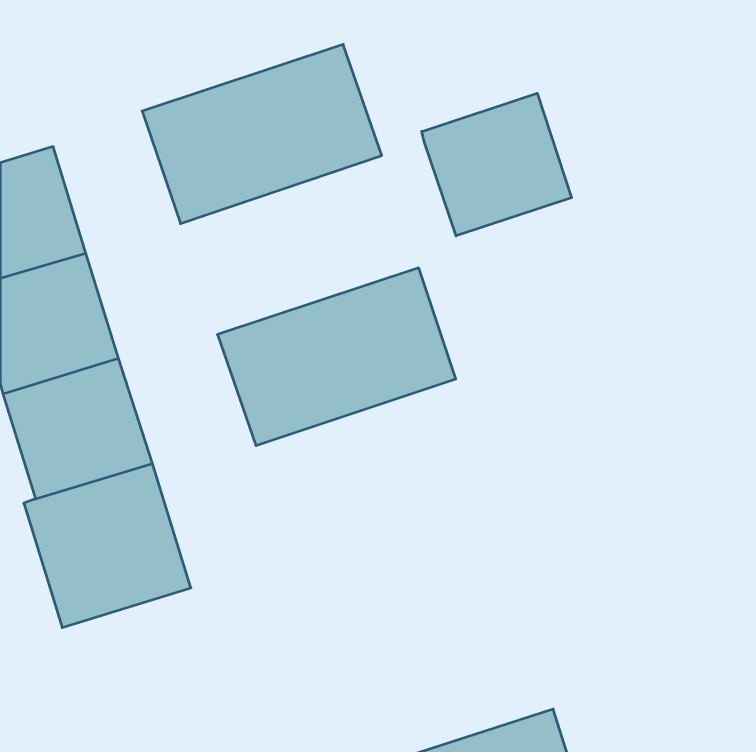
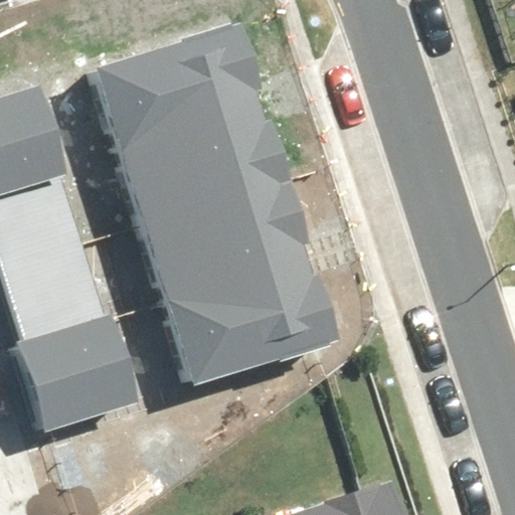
building: [422,93,572,236] -> none
building: none -> [123,109,285,230]
building: none -> [174,261,336,382]

